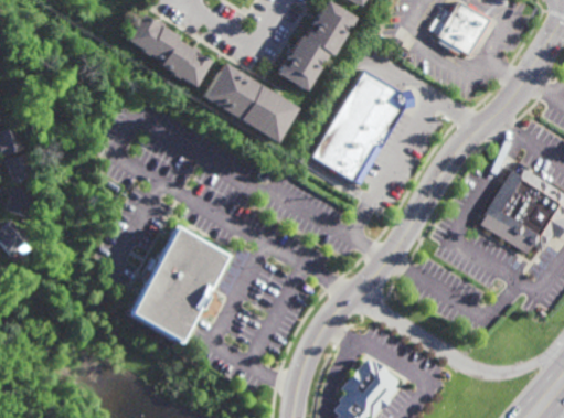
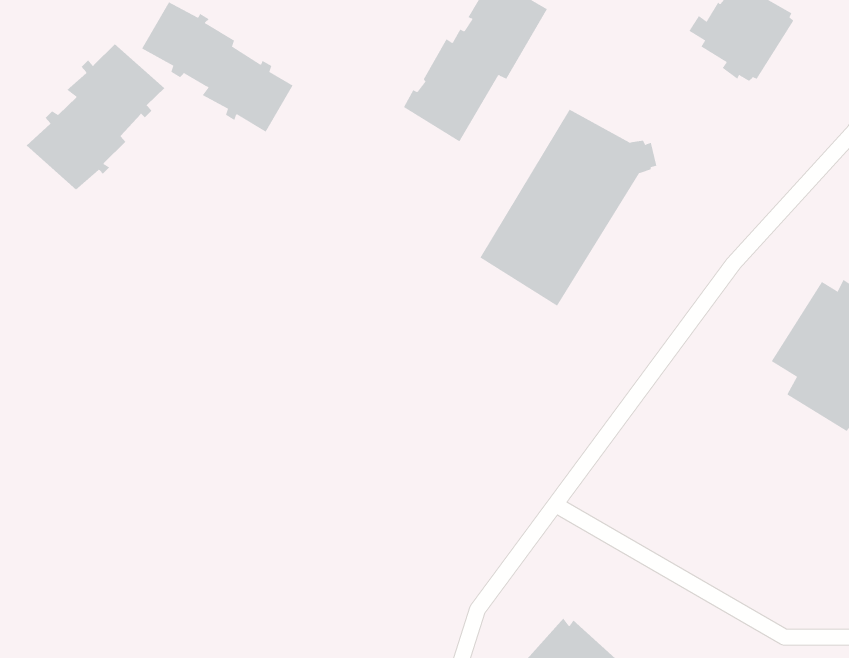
building: none -> [26,43,165,190]
building: [204,64,297,142] -> none
building: [125,226,228,345] -> none

